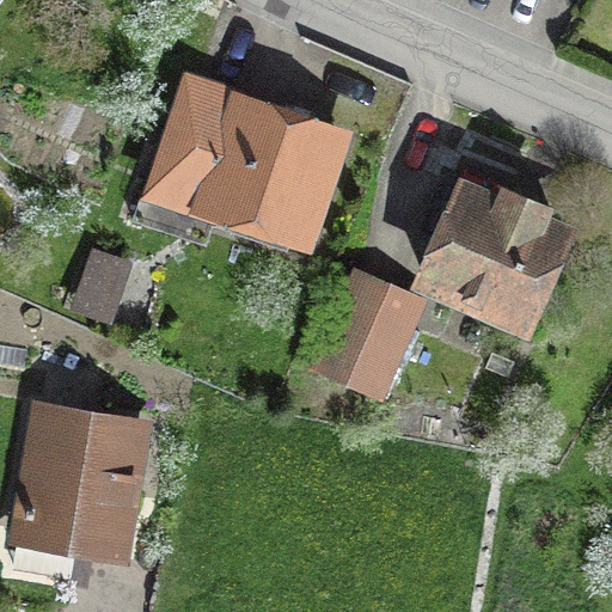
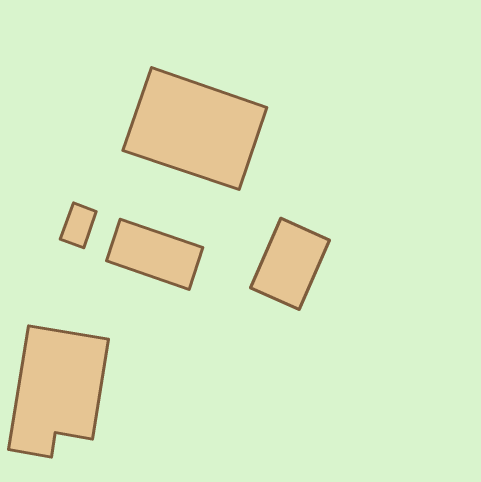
building: [428,189,564,320] -> none
building: none -> [106,219,203,289]

